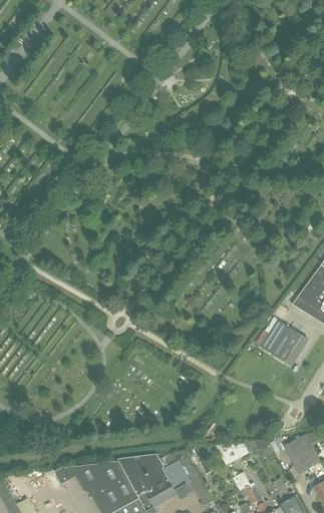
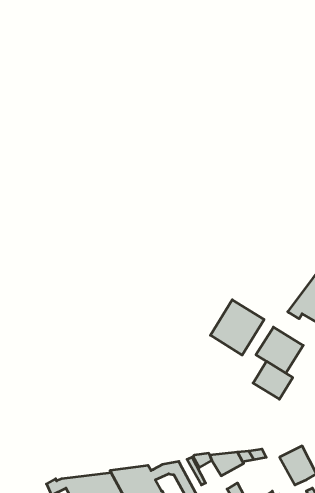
building: none -> [210,300,264,355]
building: none -> [253,361,293,399]

